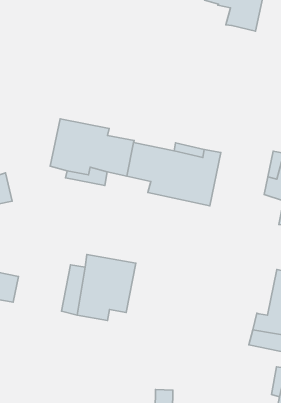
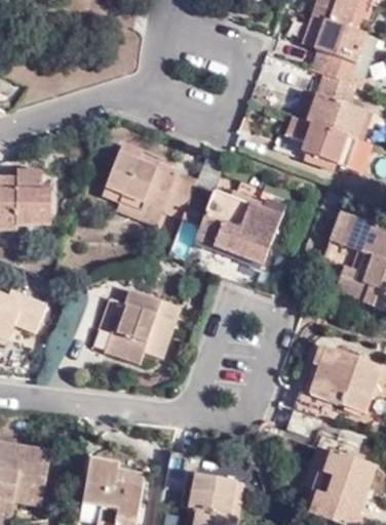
building: none -> [295,73,364,165]

